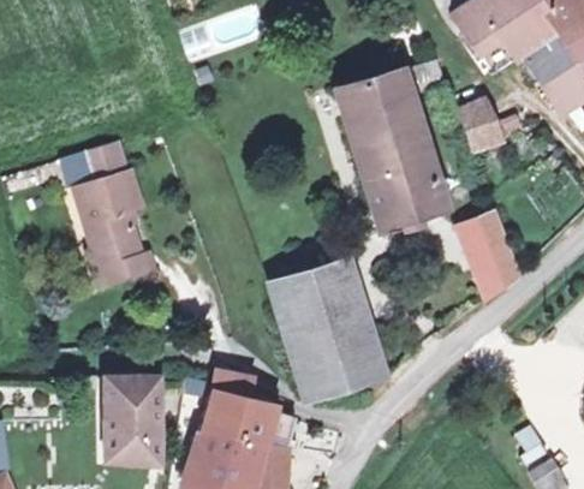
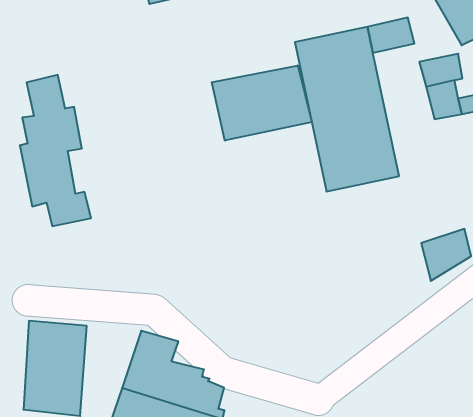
building: none -> [212,65,312,141]
building: [454,208,509,268] -> none
building: [269,264,385,396] -> none

